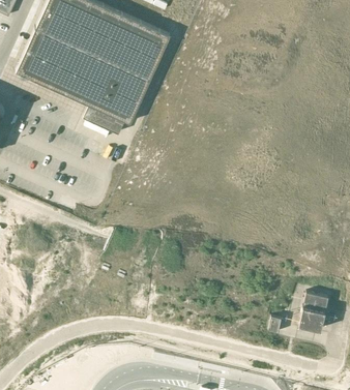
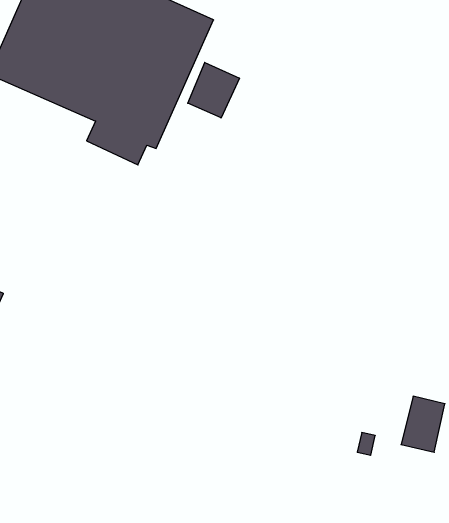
building: none -> [188,62,239,118]

